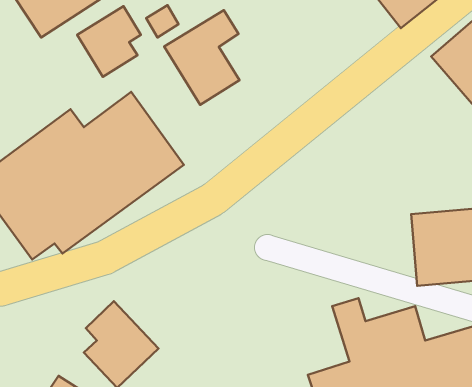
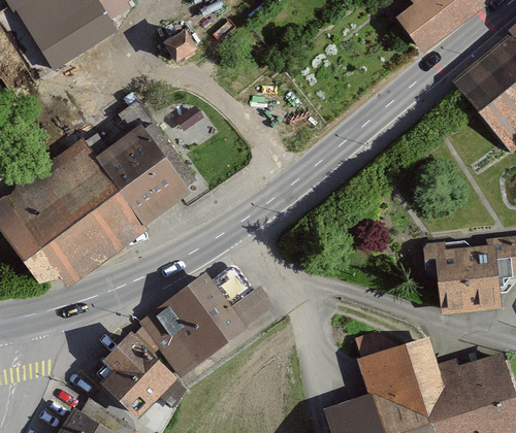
building: [77,6,141,77] -> none
building: [164,10,239,105] -> none
building: none -> [135,273,271,379]

